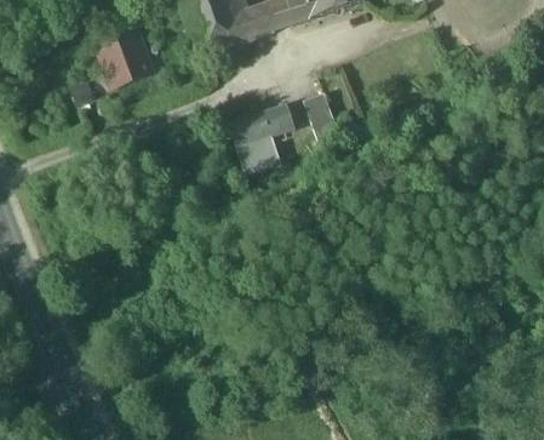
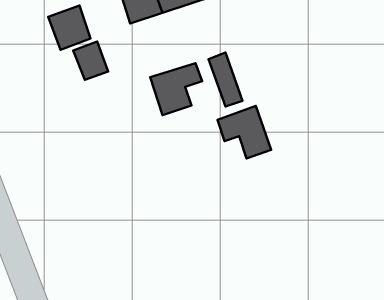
building: none -> [73,41,108,80]
building: none -> [218,106,271,159]

